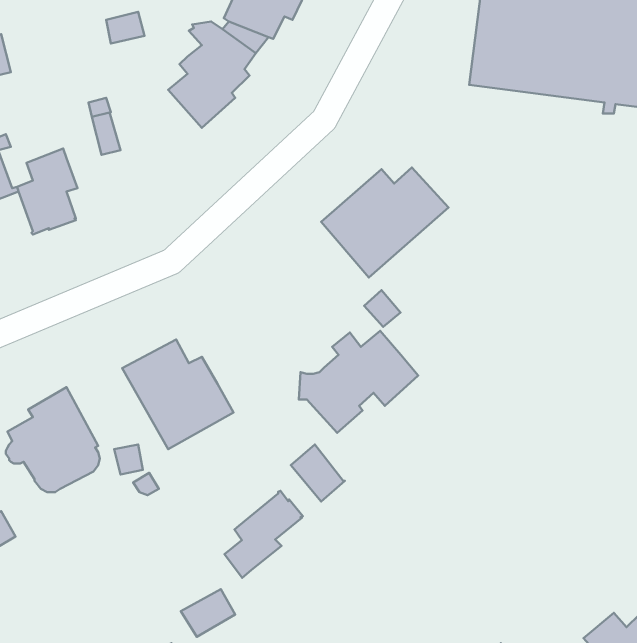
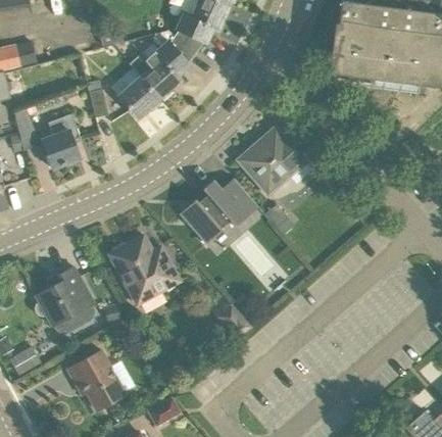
building: none -> [115,76,159,119]
building: [299,331,418,433] -> [181,179,257,244]
building: [225,491,303,578] -> none
building: none -> [66,349,127,410]

